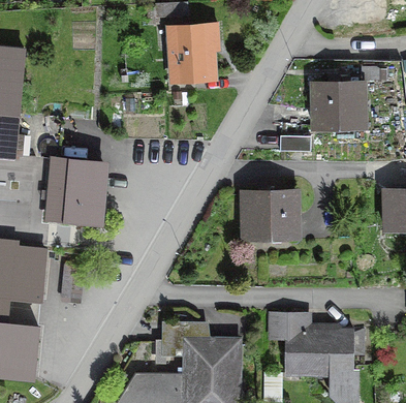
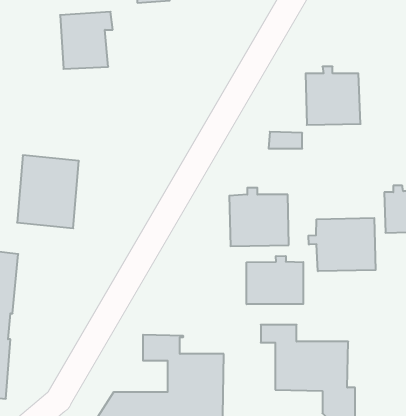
building: [168,26,217,79] -> [60,12,113,69]
building: none -> [308,218,376,271]
building: none -> [247,256,303,304]

